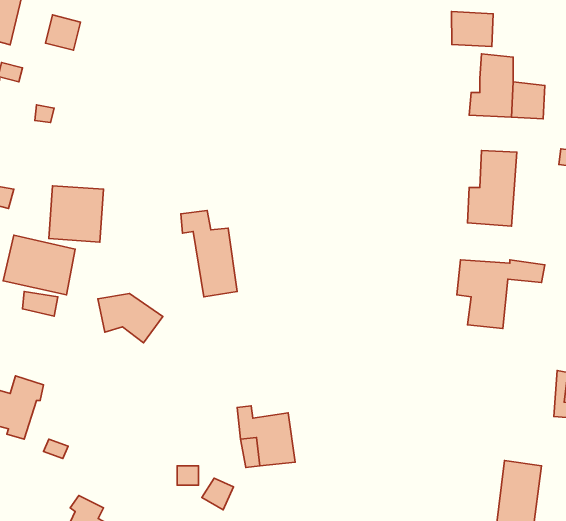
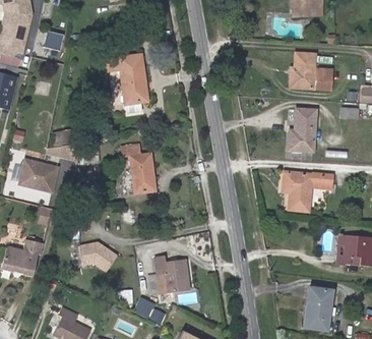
building: [451,12,493,46] -> none
building: none -> [115,54,148,103]
building: [98,294,163,343] -> [79,243,117,272]

